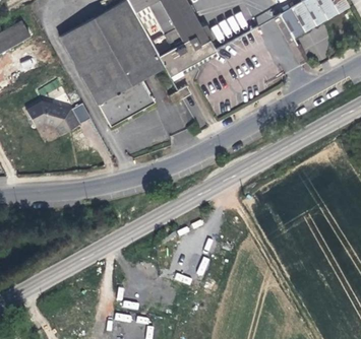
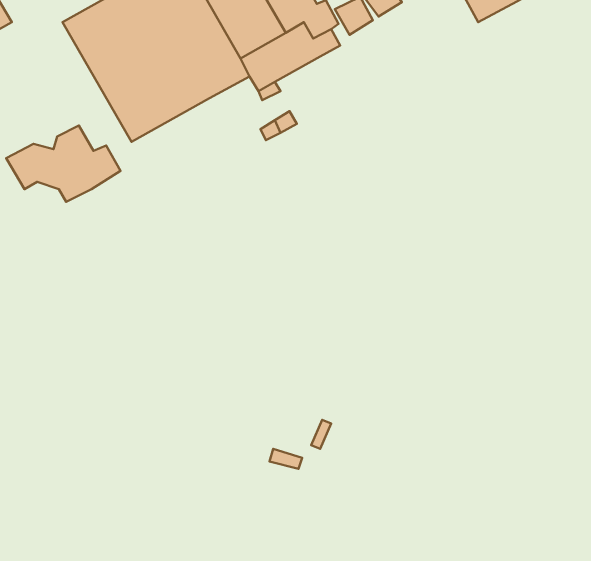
building: [98,77,154,124] -> none

